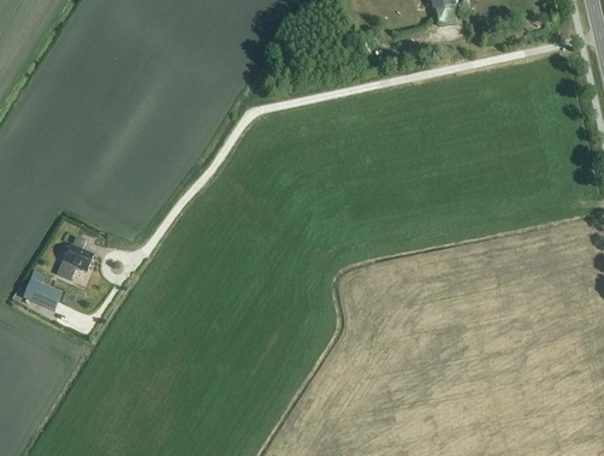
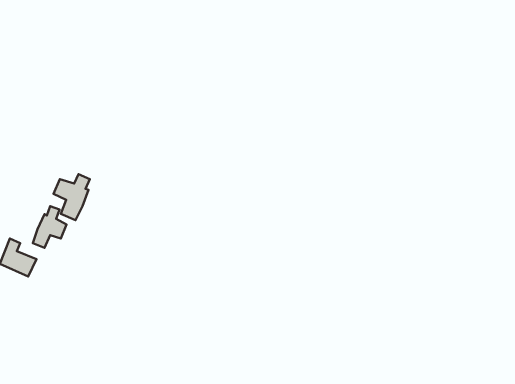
building: none -> [54,174,90,220]

